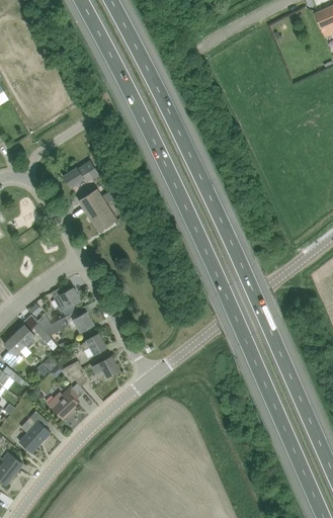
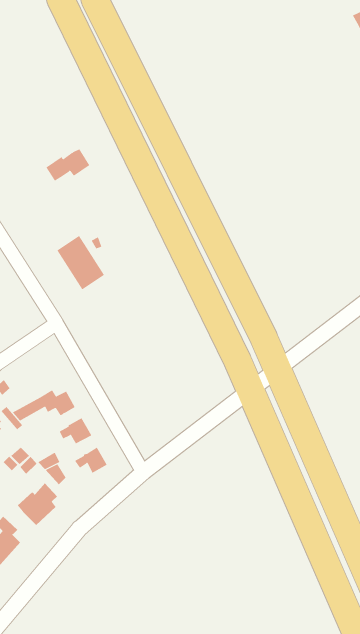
building: [63,161,98,187] -> [45,148,90,182]
building: [51,283,80,317] -> none

